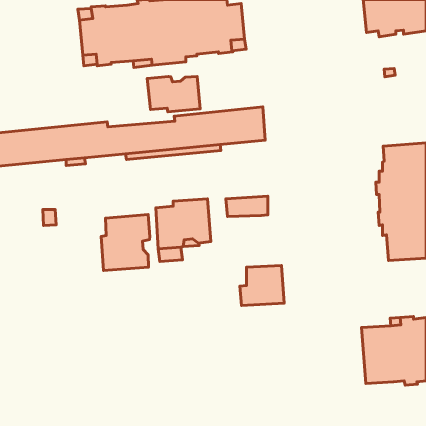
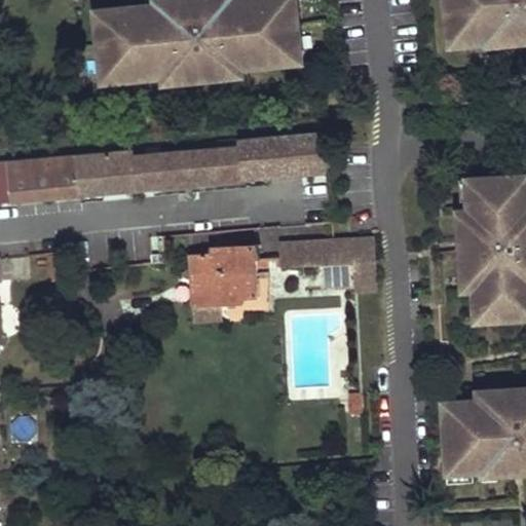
building: [147,77,200,112] -> none
building: [101,214,150,270] -> none
building: [240,265,284,306] -> [321,239,375,289]

